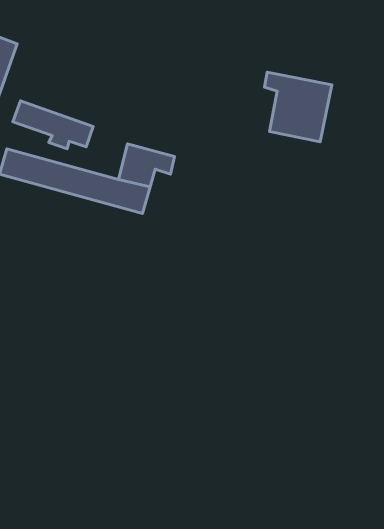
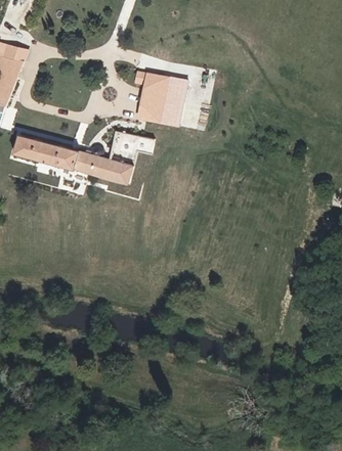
building: [264,72,332,142] -> [136,69,190,125]
building: [13,101,93,149] -> none

